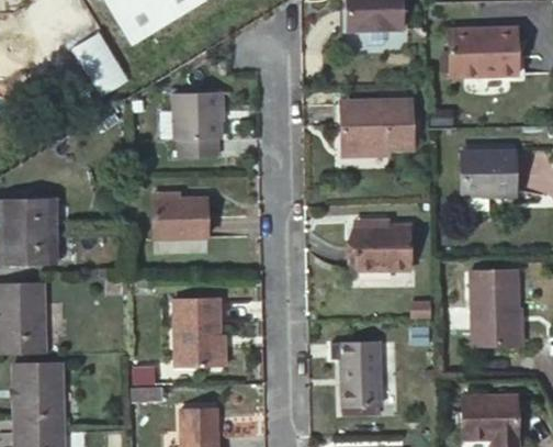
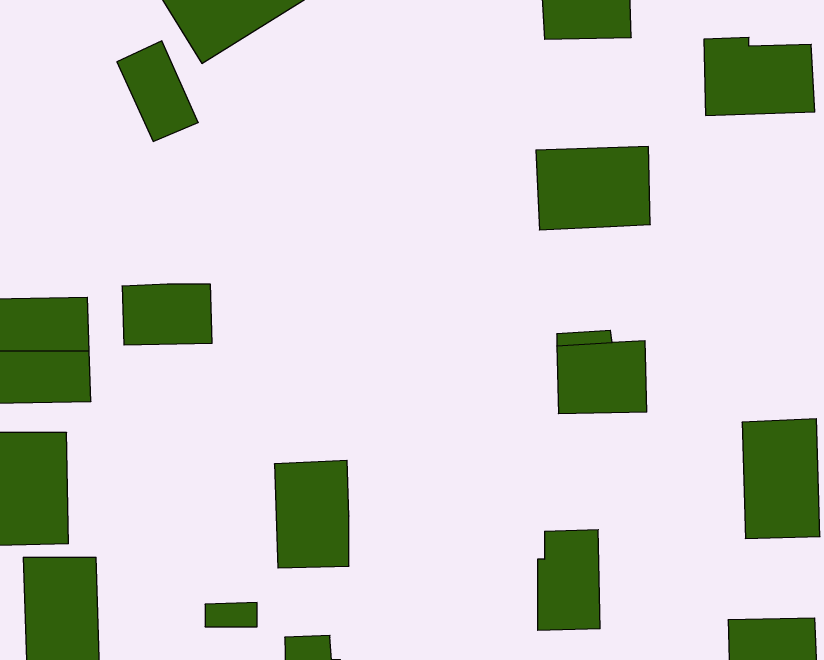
building: [182,92,230,157] -> none
building: [460,153,516,198] -> none
building: [154,198,211,236] -> [122,284,212,345]

